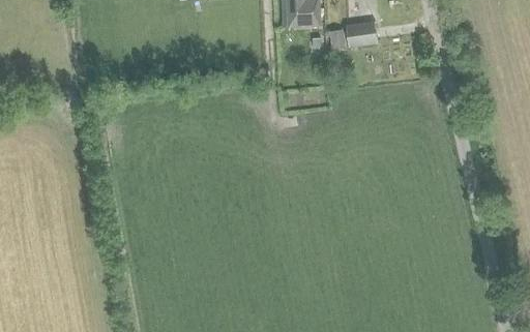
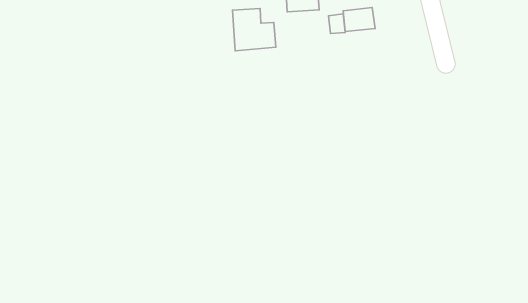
building: none -> [232,9,276,51]

